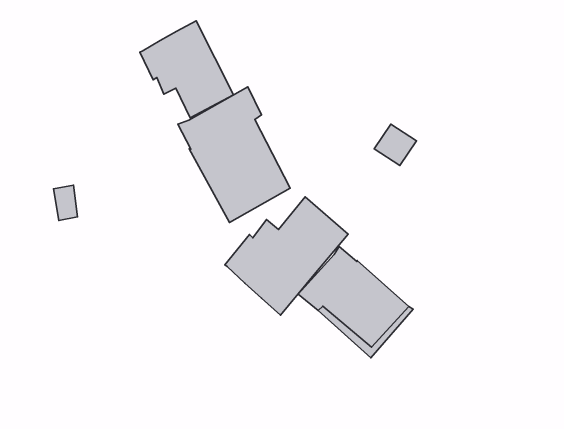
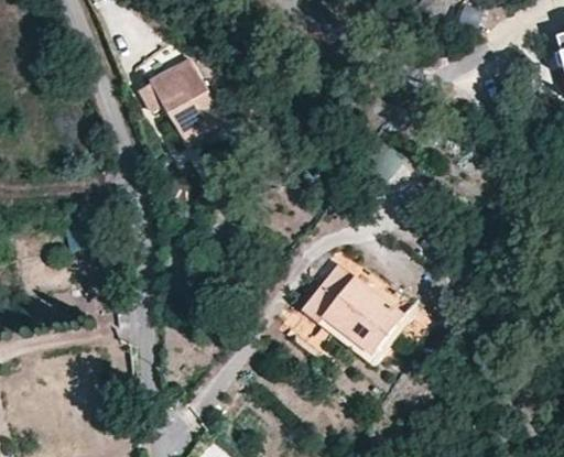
building: [178,87,290,222] -> none
building: [225,197,348,315] -> none

